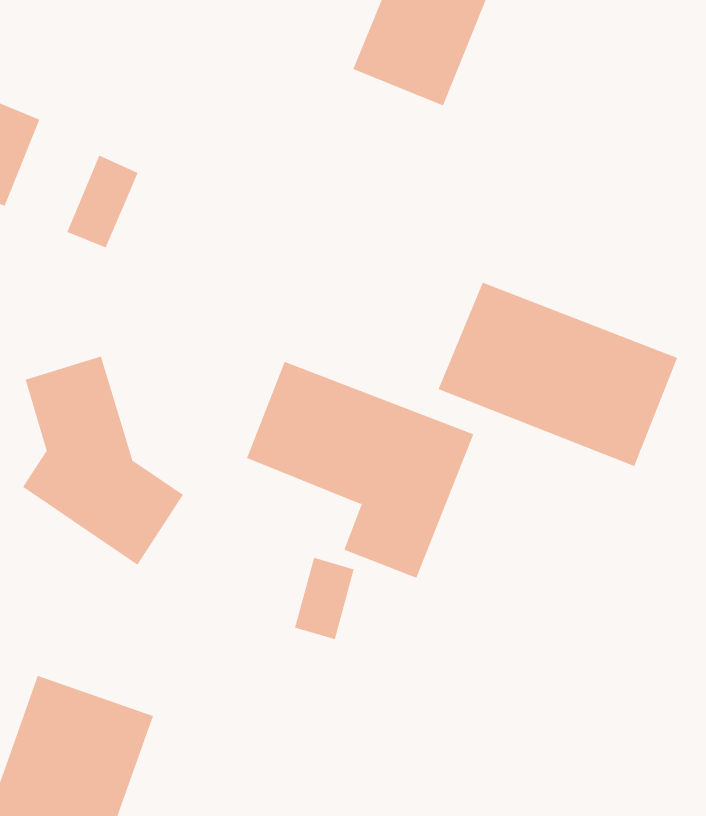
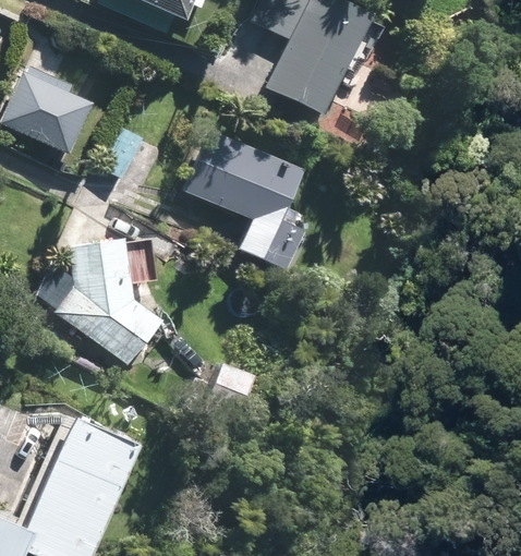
building: [438,282,678,467] -> none
building: [246,361,474,578] -> [190,134,320,264]

